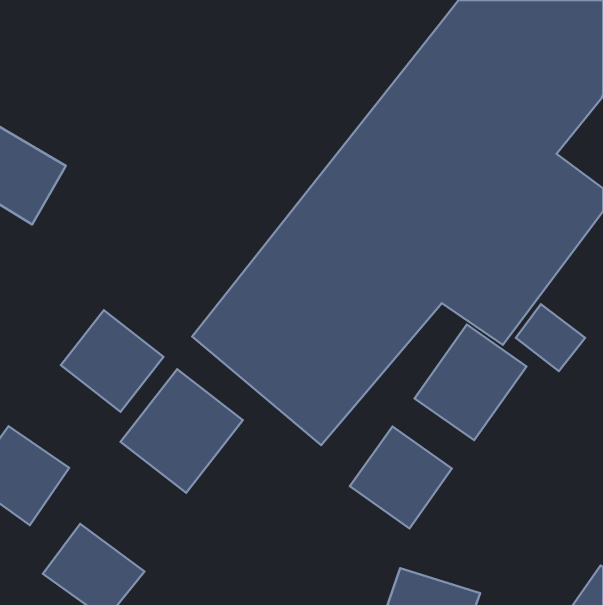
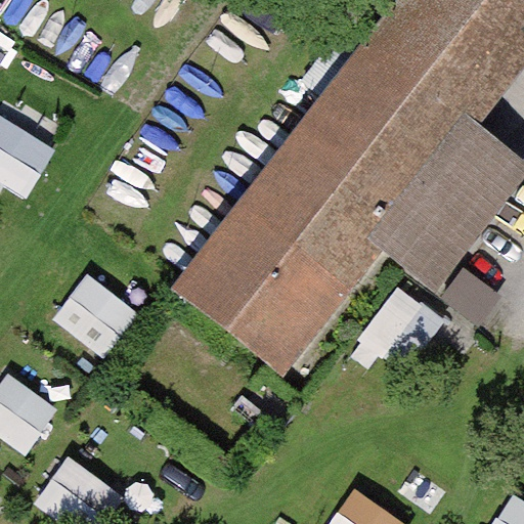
building: [120,369,243,493] -> none
building: [350,427,452,528] -> none

